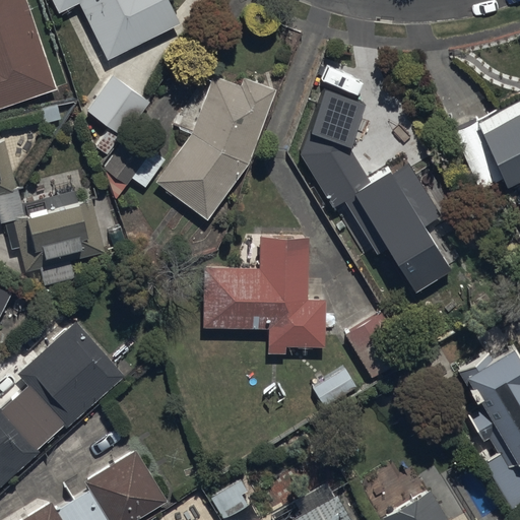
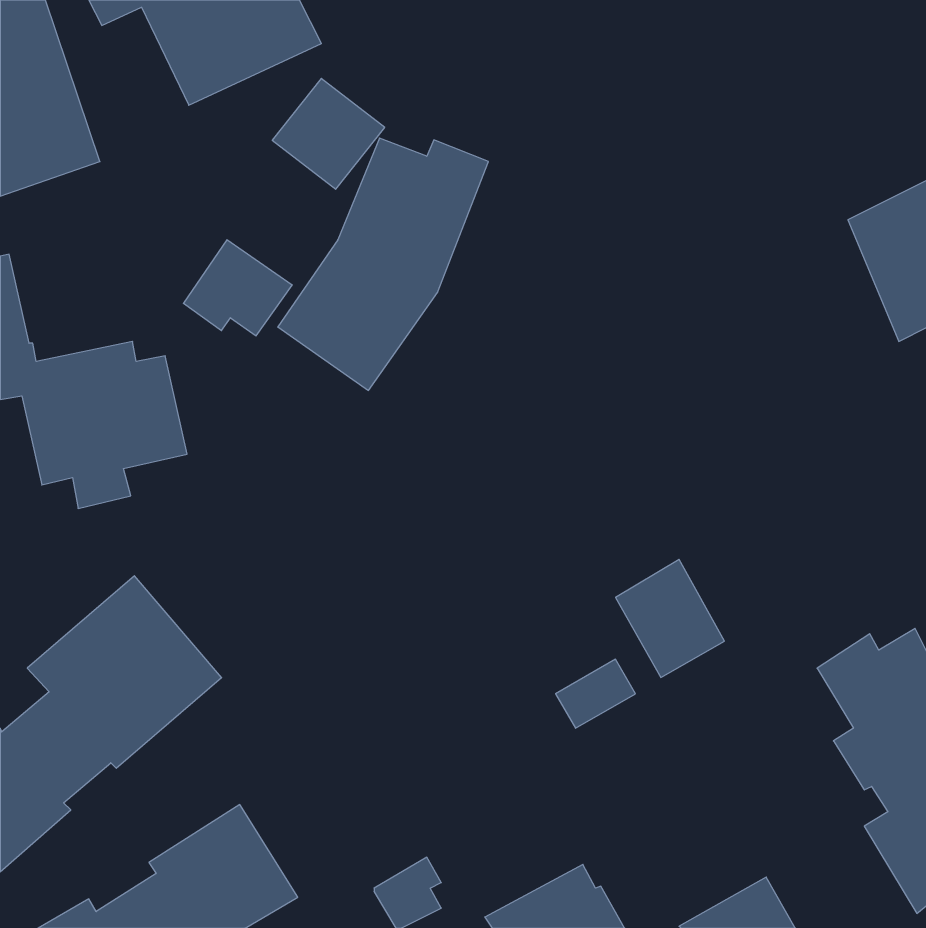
building: [86,77,149,139] -> [272,78,385,189]
building: [301,88,454,295] -> none
building: [203,239,327,354] -> none

